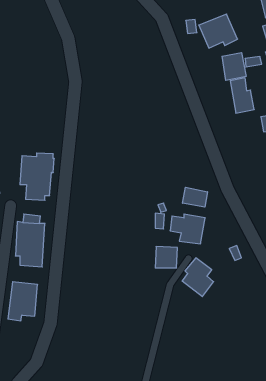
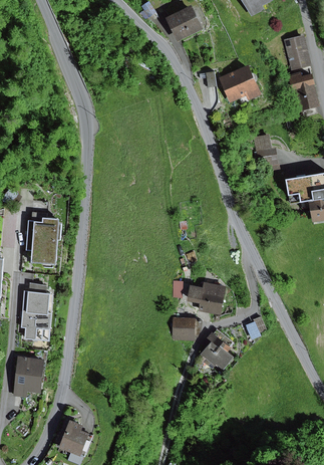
building: [222,53,246,80] -> none
building: [183,187,207,207] -> none
building: none -> [58,419,92,457]

